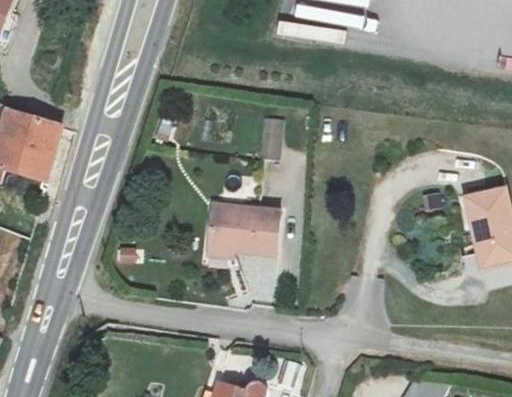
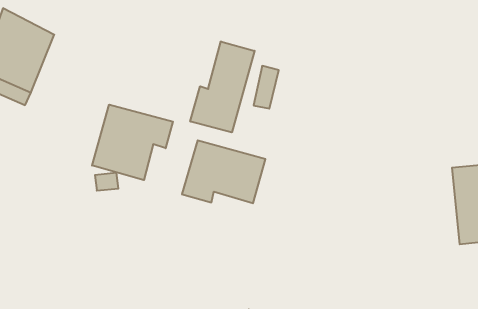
building: none -> [190,41,255,132]
building: none -> [92,105,173,180]

